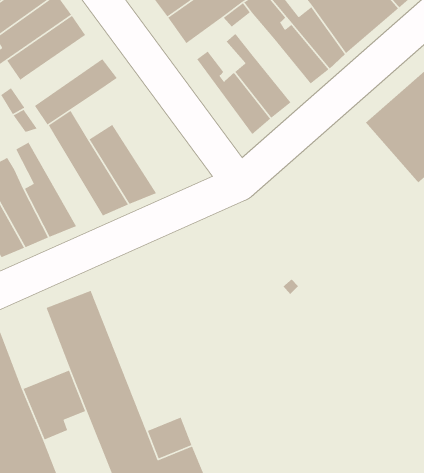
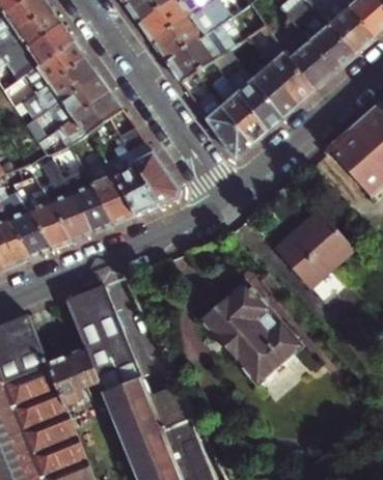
building: none -> [50,76,113,133]
building: none -> [237,79,283,131]
building: none -> [106,111,180,205]
building: none -> [53,159,113,232]
building: none -> [276,210,354,305]
building: none -> [198,281,301,386]

